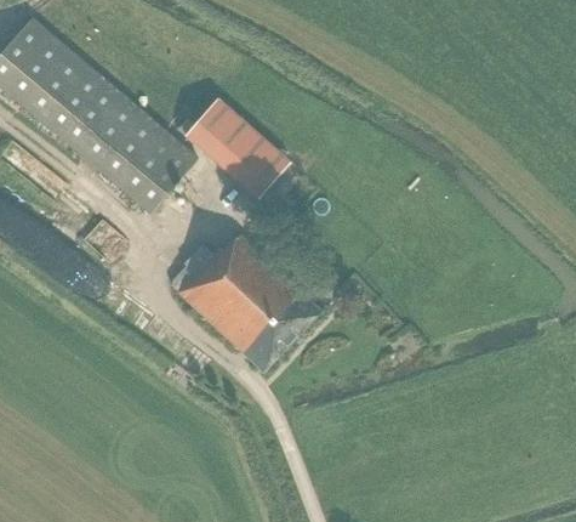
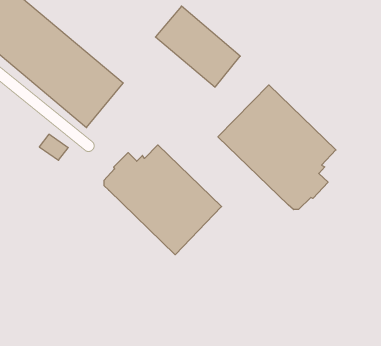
building: [183,98,290,200] -> [155,6,240,87]
building: none -> [218,85,336,210]

